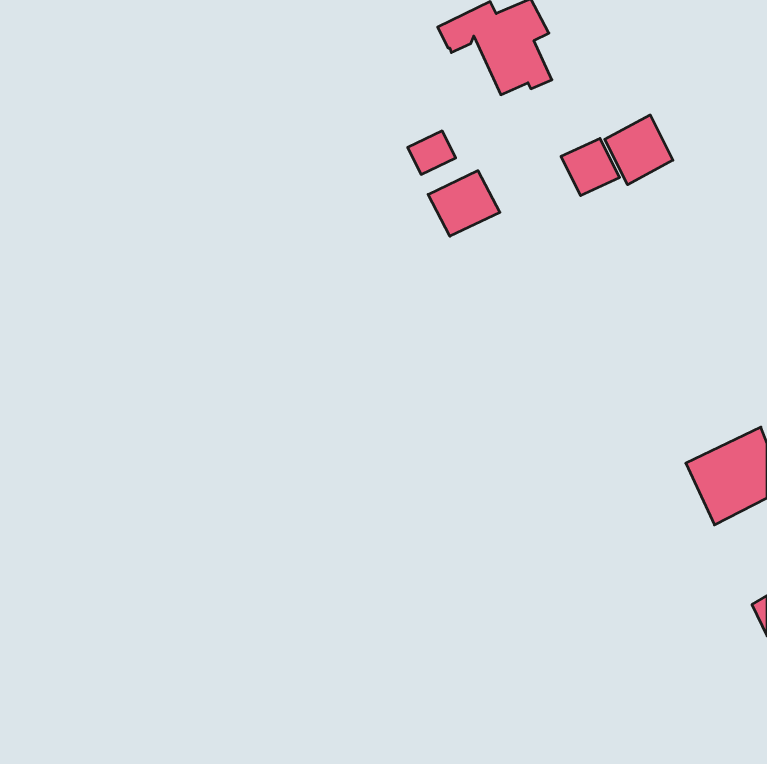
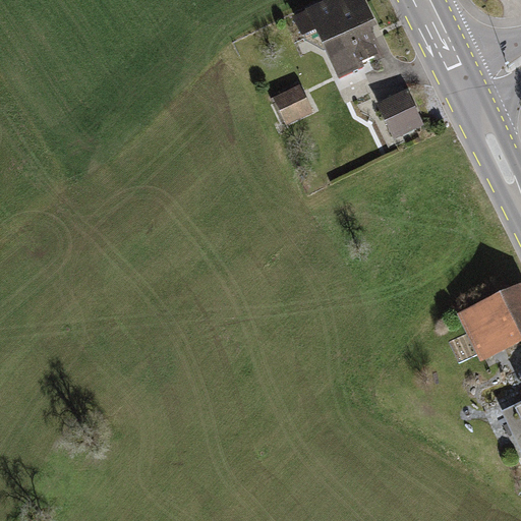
building: [605,115,673,185] -> none
building: [428,171,500,236] -> none

